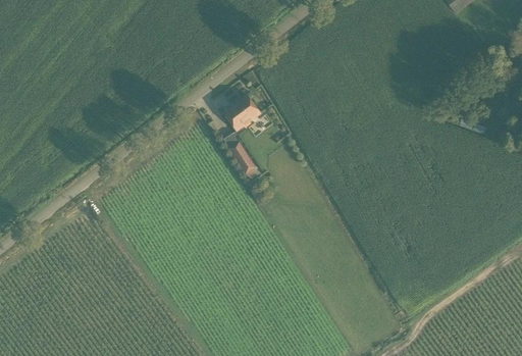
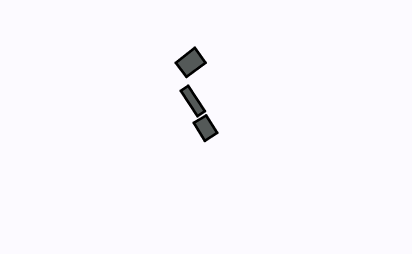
building: none -> [194,115,217,141]

